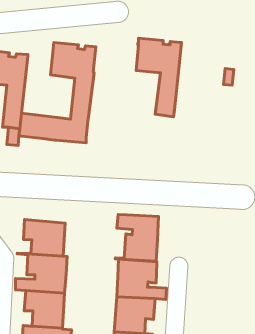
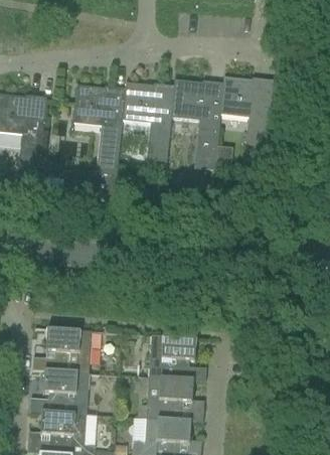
building: none -> [220,75,273,166]
building: none -> [122,81,174,171]
building: [115,214,158,261] -> none
building: [22,220,65,256] -> none

